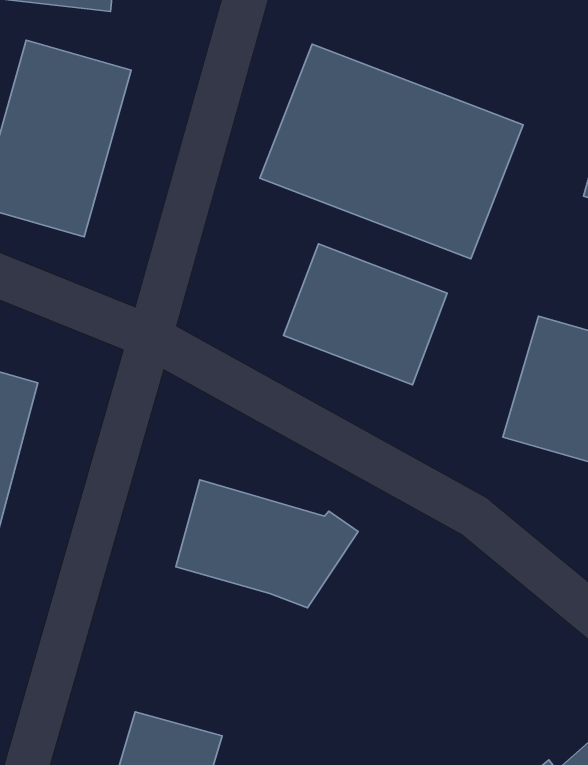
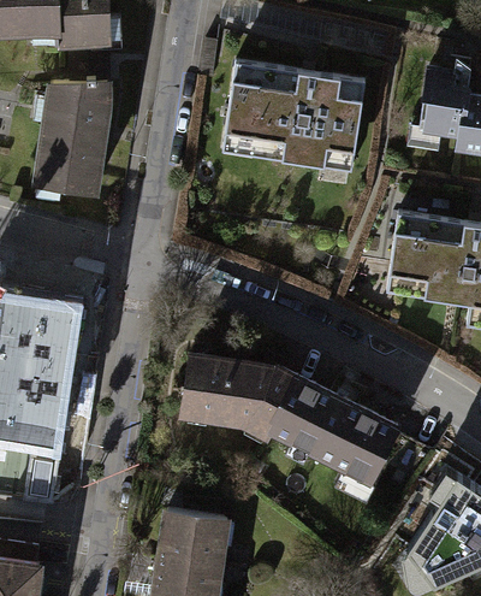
building: [284,244,447,385] -> none
building: none -> [272,370,399,477]

